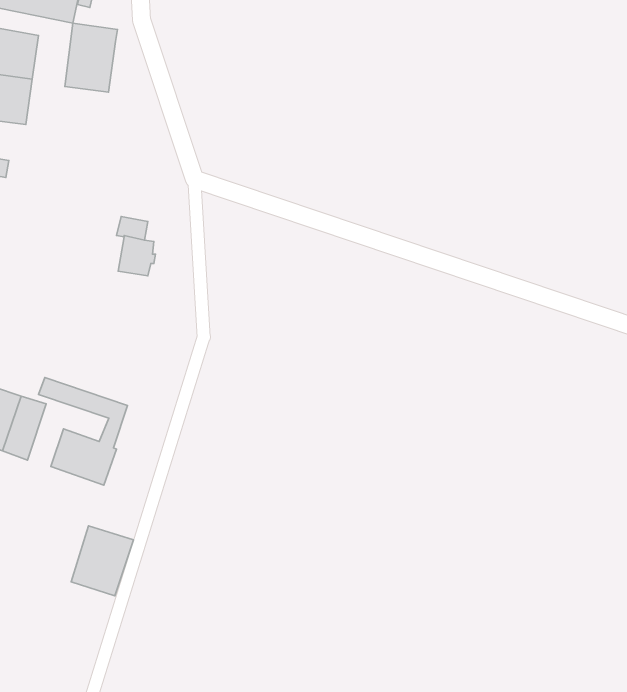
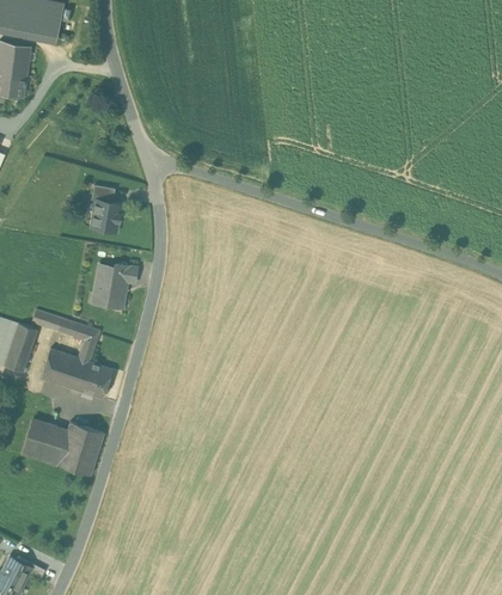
building: [65,23,118,92] -> none
building: none -> [93,265,136,308]
building: none -> [81,364,112,399]
building: none -> [22,419,67,466]

